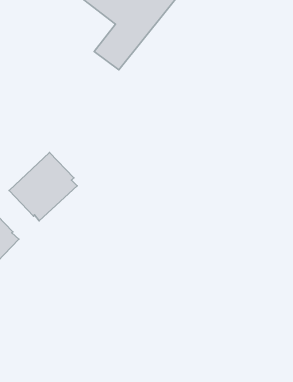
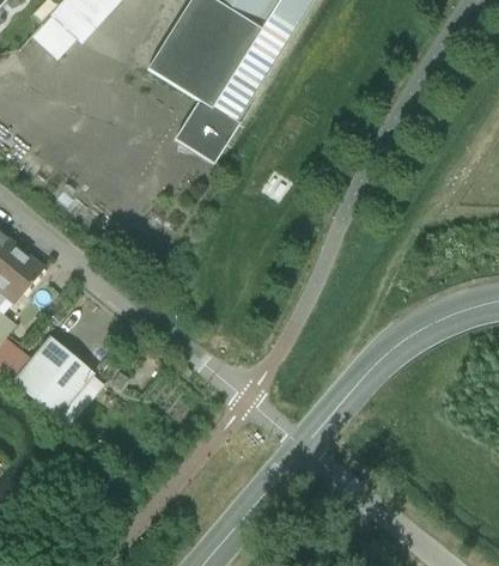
building: [9,152,77,221] -> none

